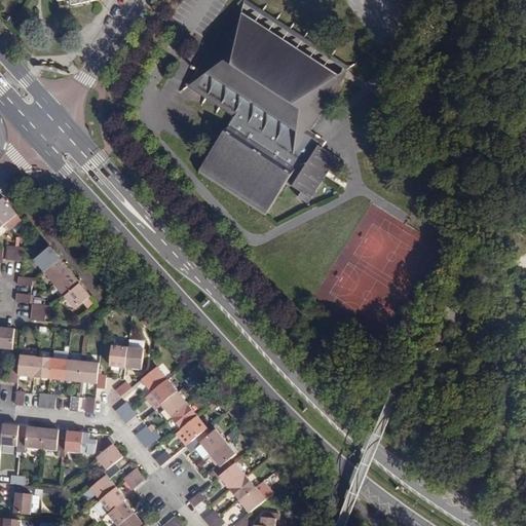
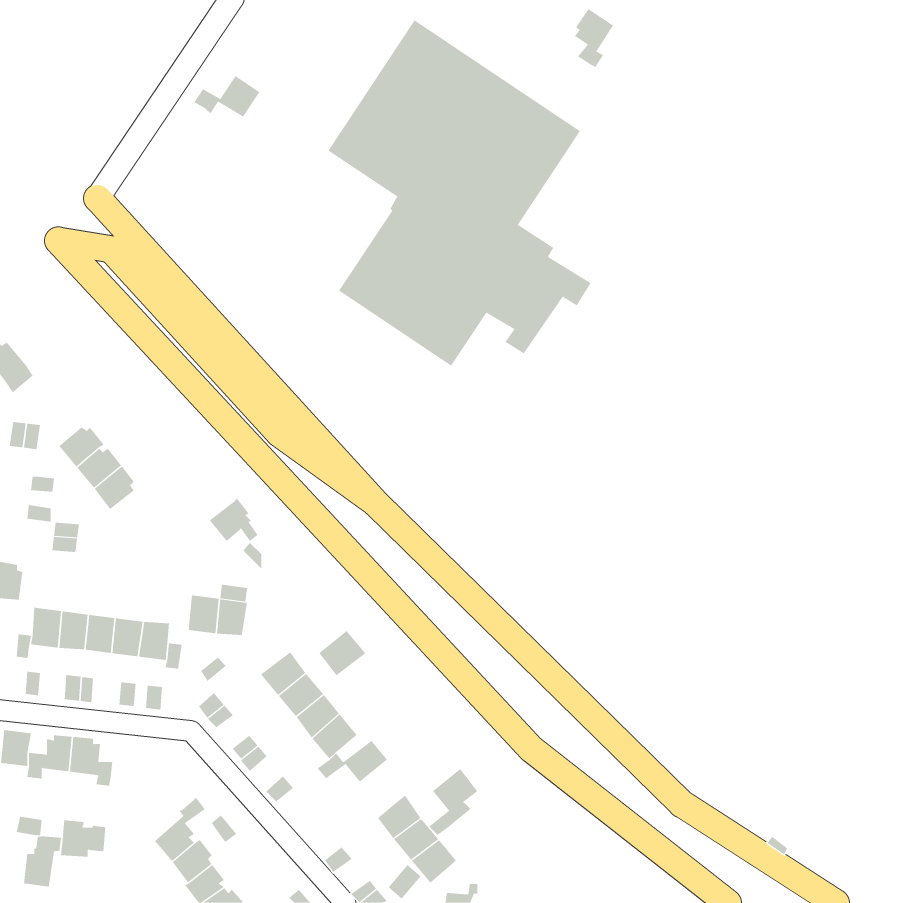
building: none -> [574,8,614,68]
building: none -> [193,75,260,117]
building: [64,283,92,308] -> [209,498,259,542]
building: [141,365,168,391] -> [318,630,366,676]
building: [65,430,91,452] -> [60,820,106,857]
building: [97,436,122,469] -> none
building: [206,441,235,480] -> [429,768,478,836]

